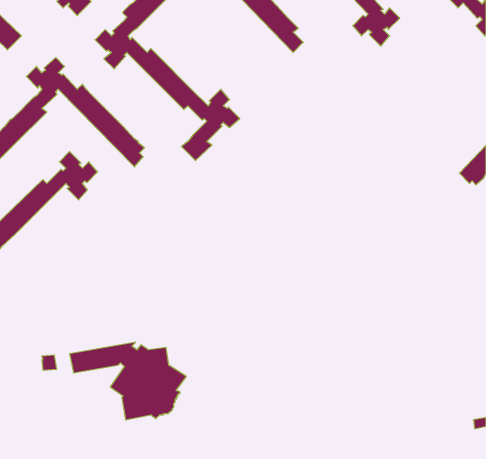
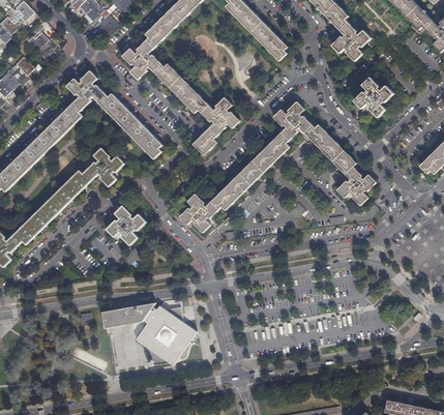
building: none -> [354,77,394,117]
building: none -> [179,101,376,232]
building: none -> [106,205,146,245]

